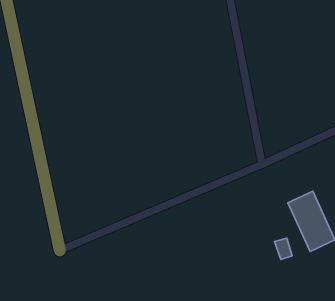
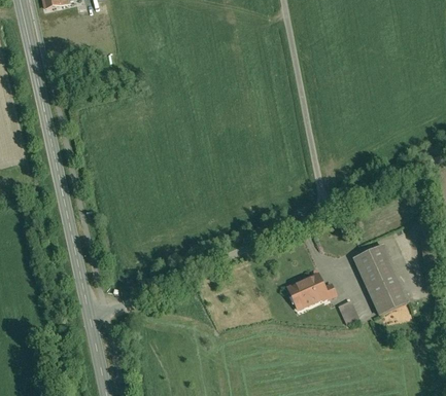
building: none -> [287,275,335,305]

